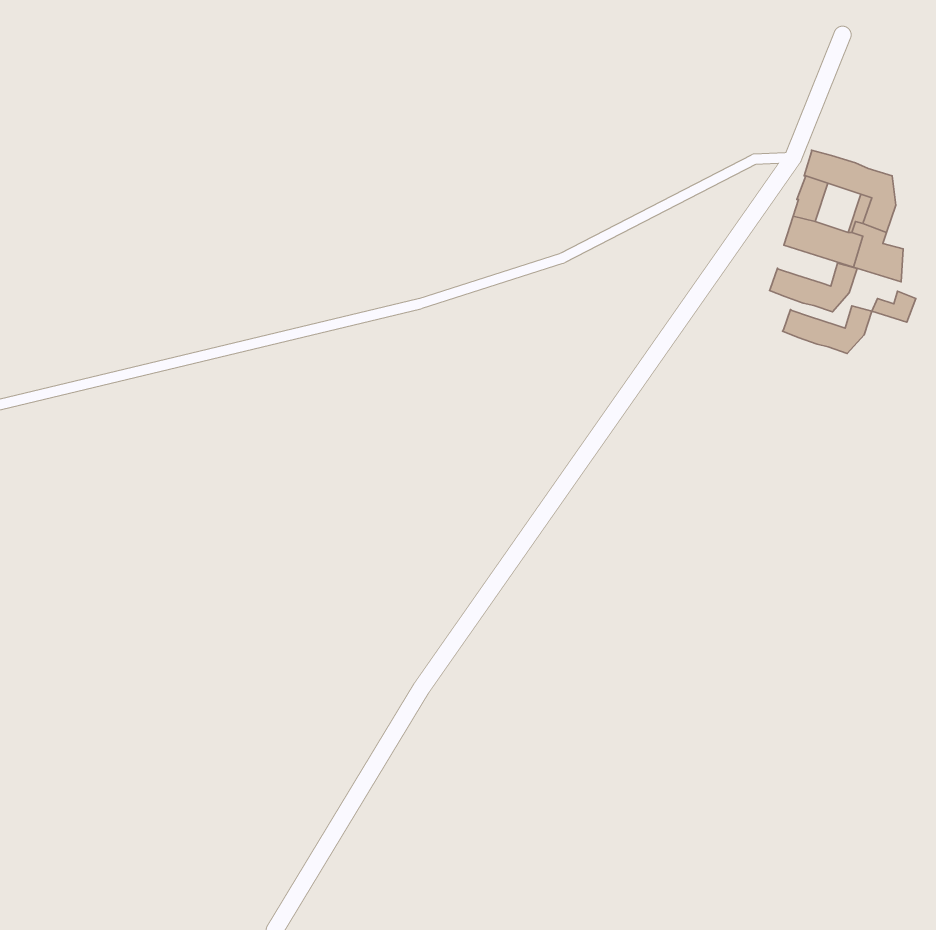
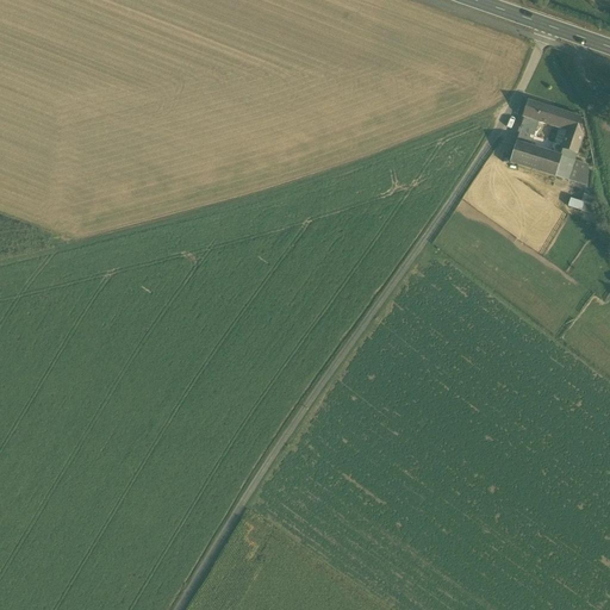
building: [769,263,857,312] -> none
building: [782,306,872,354] -> none

